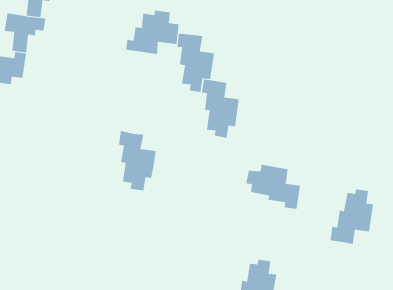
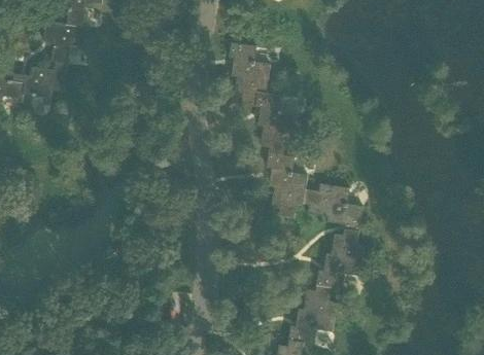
building: [126,10,179,55] -> none
building: [118,131,157,191] -> [267,152,308,217]
building: [330,189,374,244] -> [316,229,364,289]

